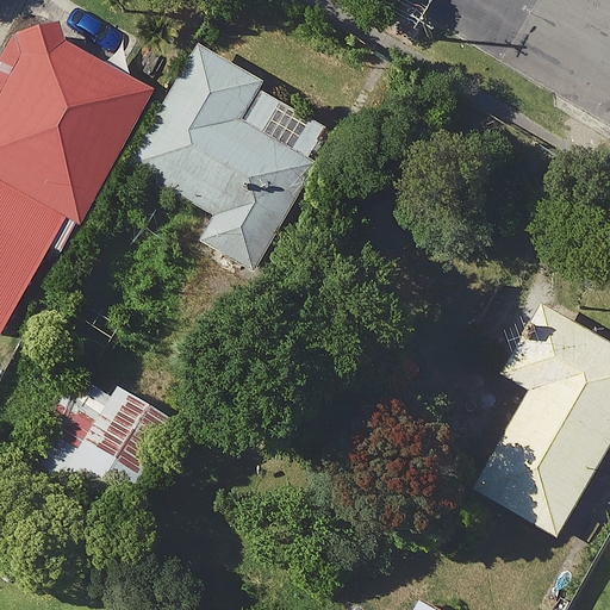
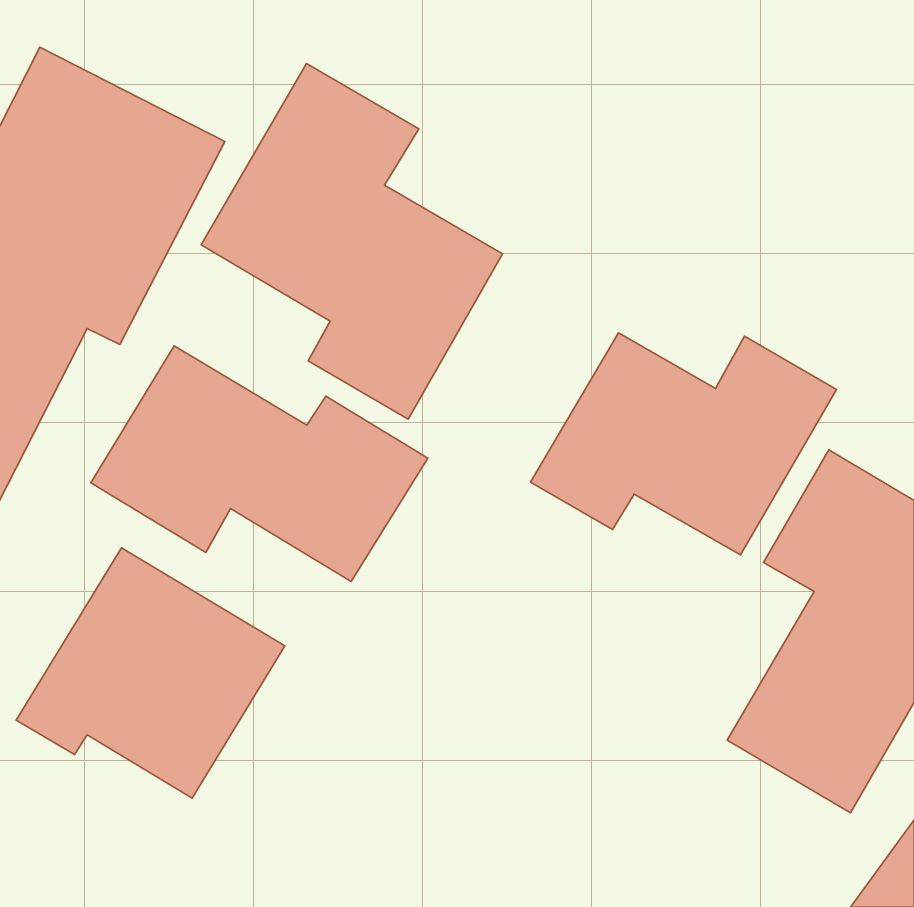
building: none -> [531,333,837,555]
building: none -> [91,346,428,582]

